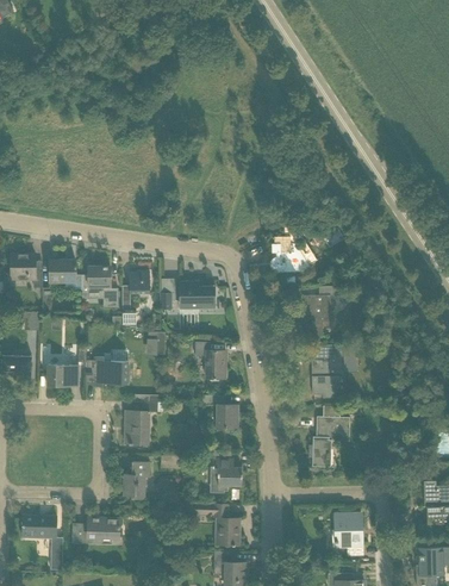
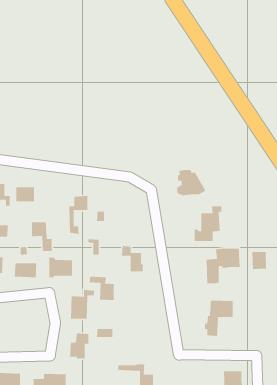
building: [88,266,118,307] -> [31,222,53,252]
building: [179,281,216,308] -> none
building: none -> [251,251,267,270]
building: [201,394,237,429] -> [89,276,115,301]
building: [212,451,242,491] -> none

